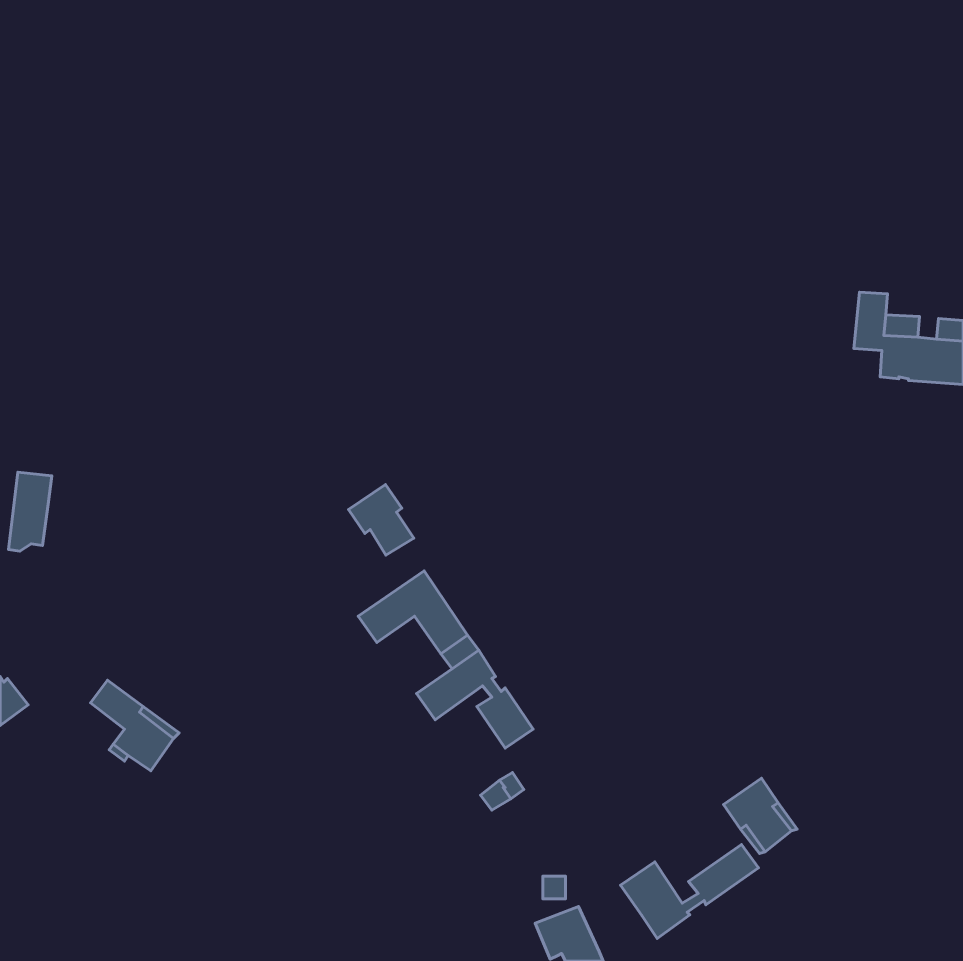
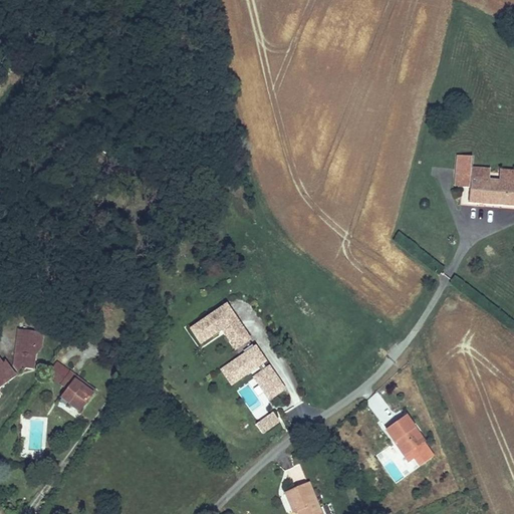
building: [8,472,52,551] -> [14,329,37,371]
building: [348,484,414,555] -> none
building: [620,845,759,938] -> none

